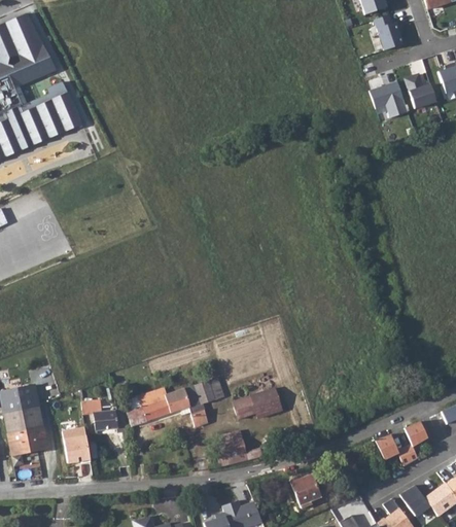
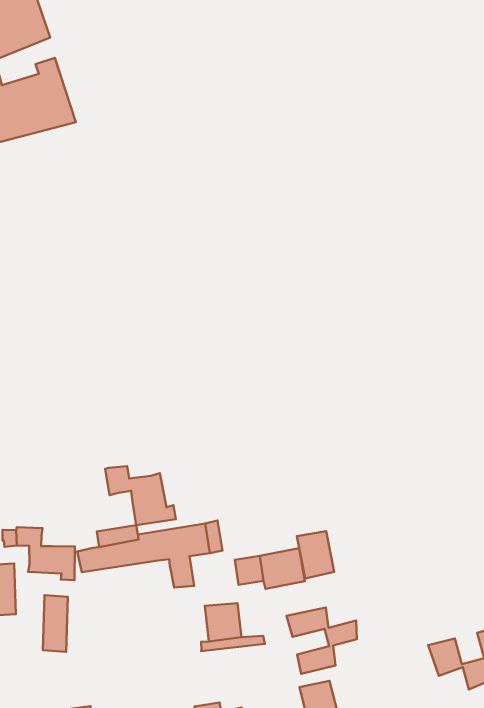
building: none -> [105,466,176,525]
building: none -> [297,531,334,579]
building: none -> [286,608,357,674]
building: none -> [43,595,68,652]

